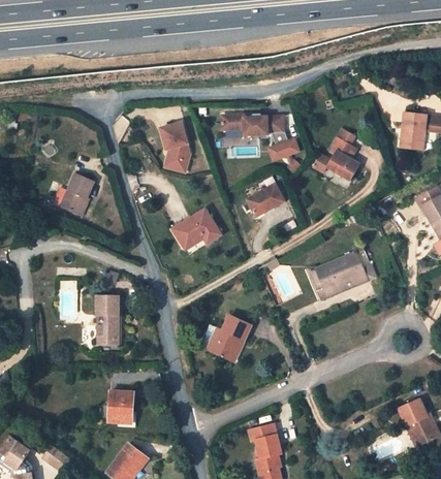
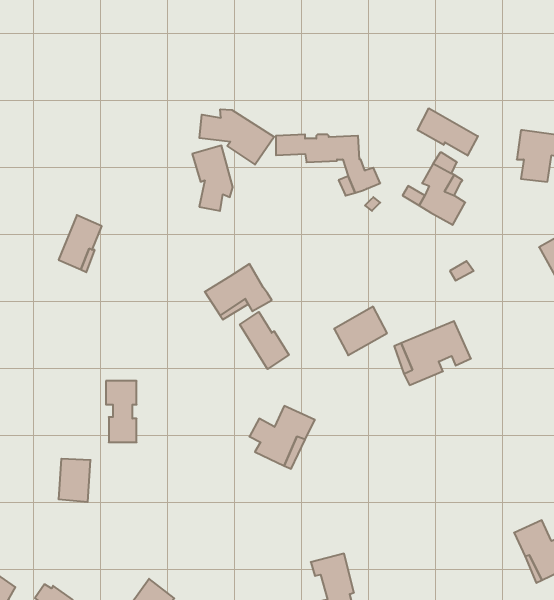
building: none -> [418,108,478,156]
building: none -> [199,109,274,165]
building: [246,183,285,219] -> [334,307,387,355]
building: none -> [240,312,289,369]
building: [108,390,132,422] -> [58,459,91,502]

